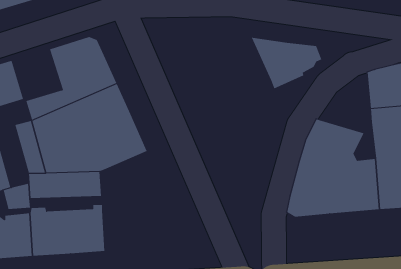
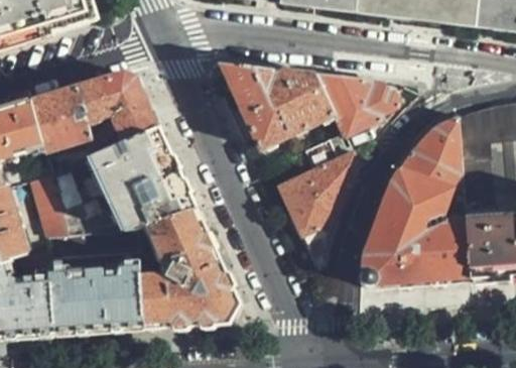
building: none -> [222,64,341,161]
building: none -> [33,90,93,151]
building: none -> [395,117,461,190]
building: none -> [277,138,358,272]
building: none -> [141,211,240,330]

